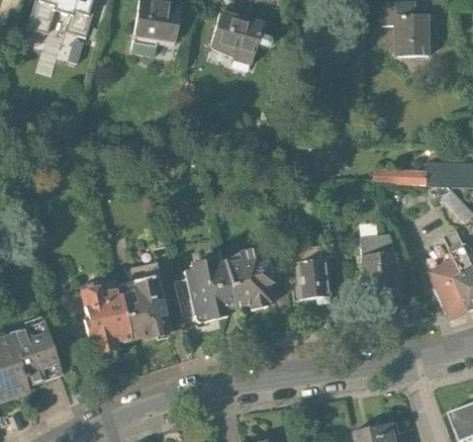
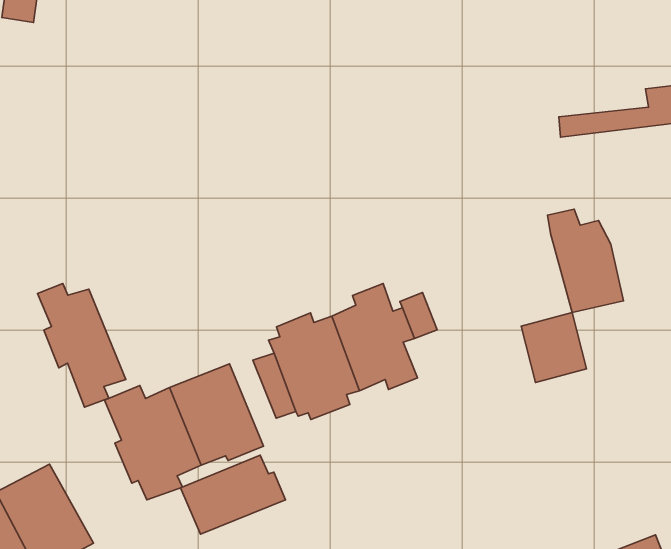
building: none -> [37,284,126,407]
building: [293,260,327,297] -> [521,313,587,382]
building: none -> [181,455,285,534]

